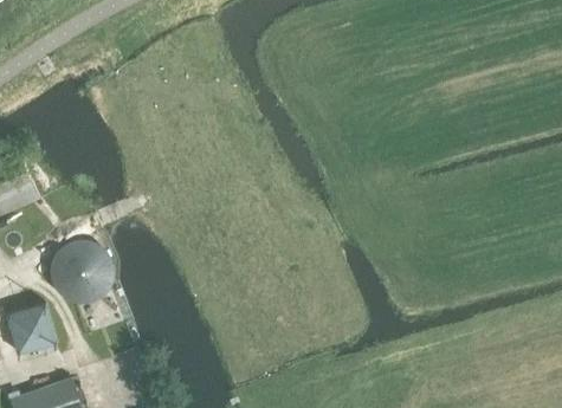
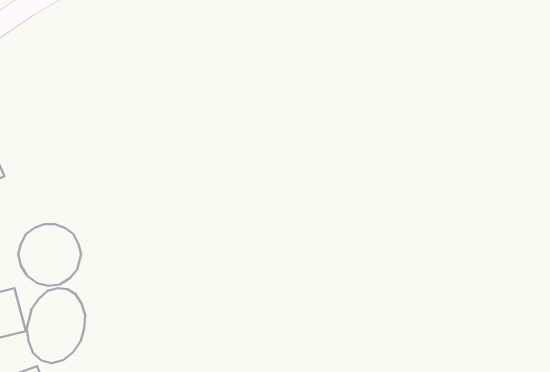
building: none -> [27,288,85,363]

